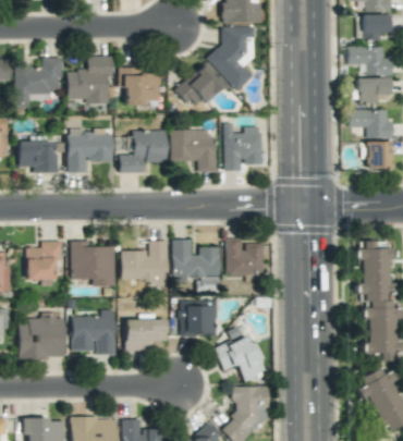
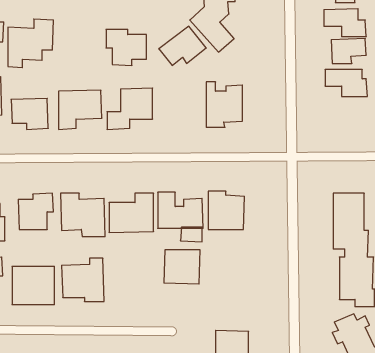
building: [66,56,112,105] -> none
building: [170,130,217,172] -> none
building: [365,142,393,170] -> none
building: [124,318,167,352] -> none
building: [213,334,266,381] -> none

